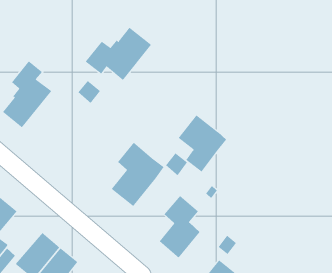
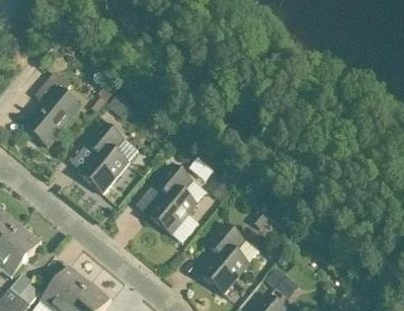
building: [85,27,152,81] -> none
building: none -> [79,124,127,192]
building: [178,115,227,172] -> none

